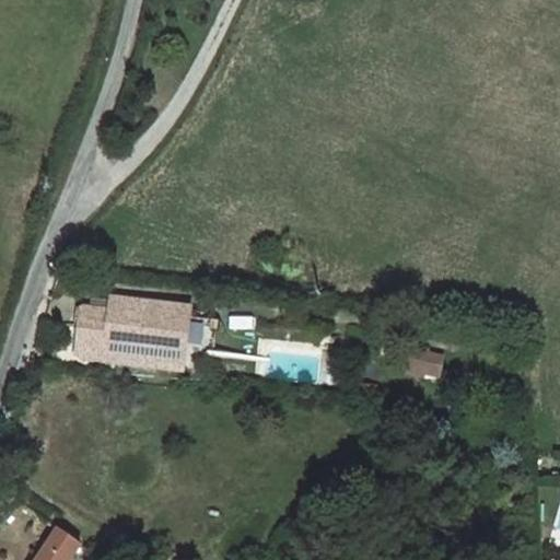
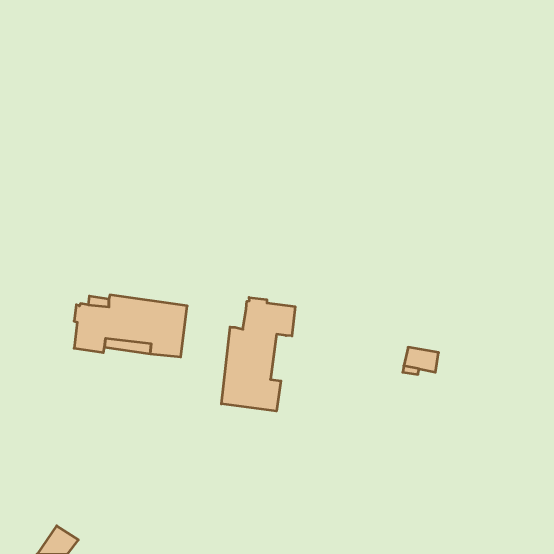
building: none -> [221,297,295,411]

